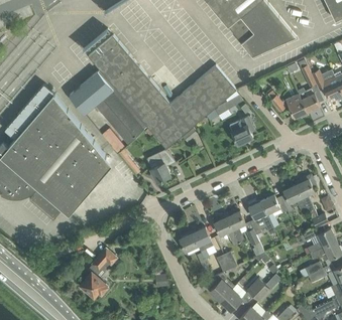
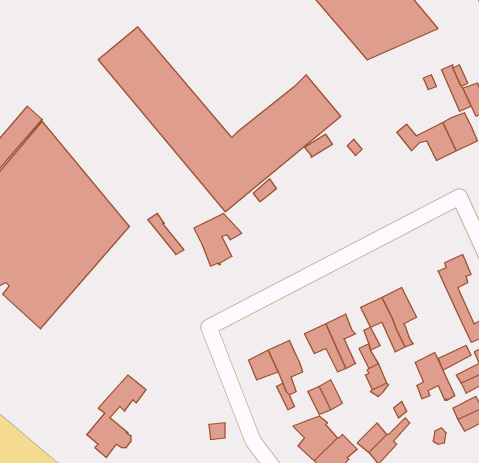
building: [69,71,142,143] -> none
building: [229,118,253,145] -> none
building: [283,185,308,214] -> [415,353,455,400]

